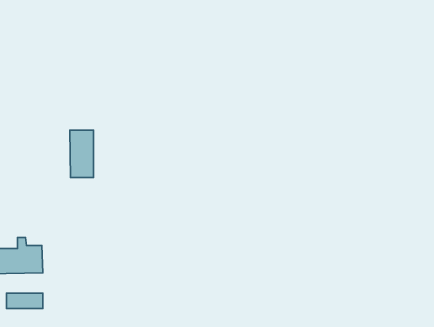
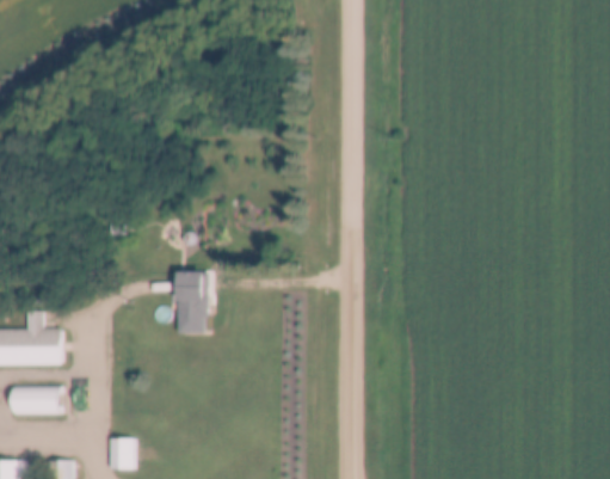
building: [70,130,93,178] -> [177,269,208,331]

